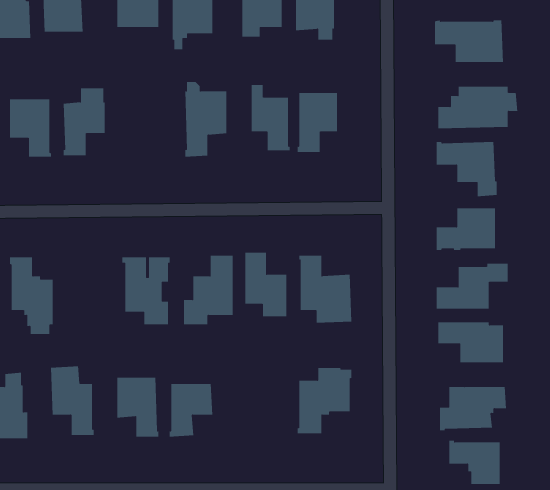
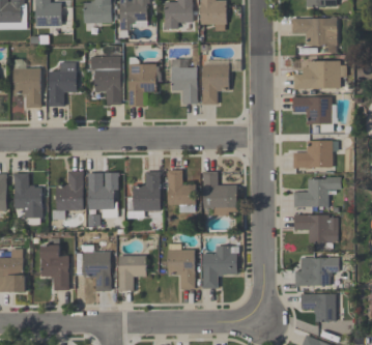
building: none -> [90,56,121,105]
building: none -> [52,170,83,218]
building: none -> [167,242,195,288]

